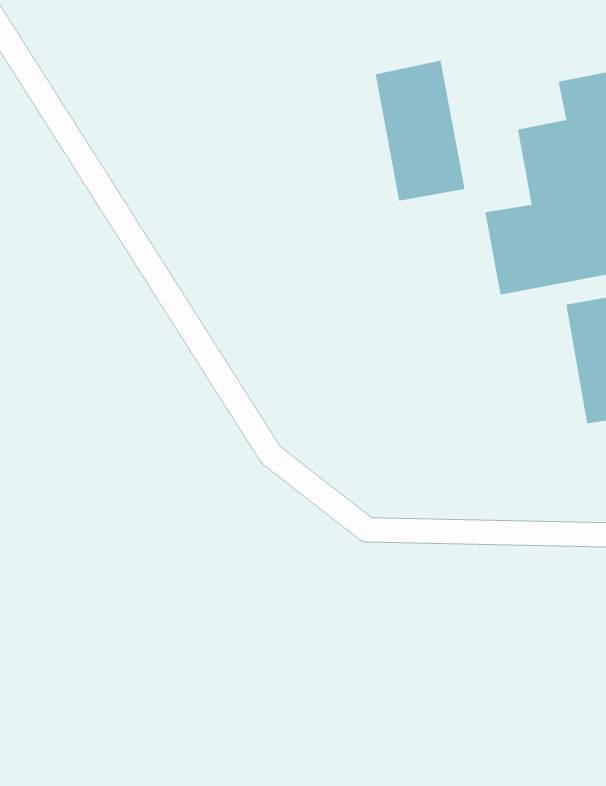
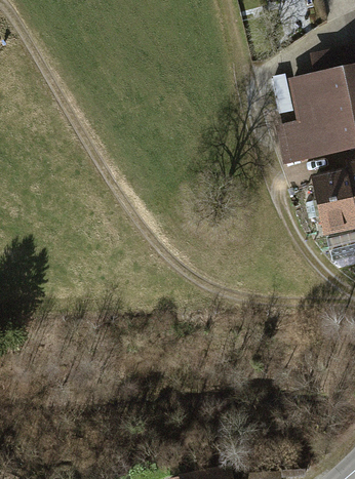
building: [375,60,465,202] -> none

